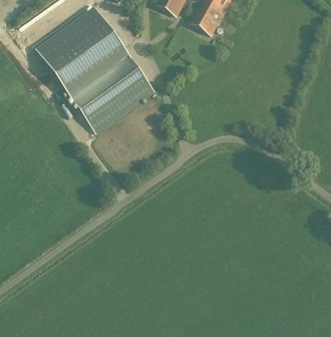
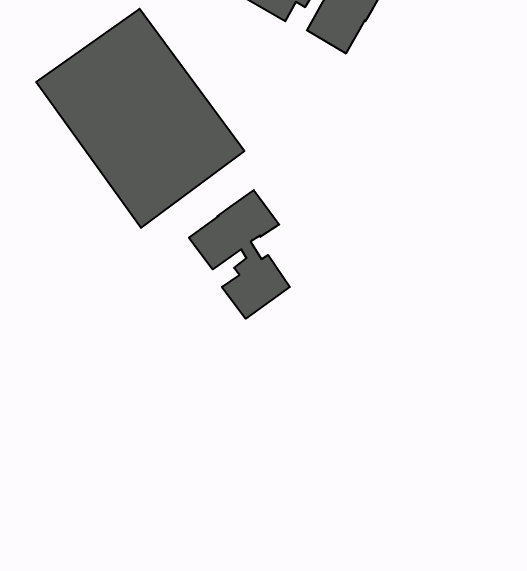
building: none -> [189,190,290,319]

